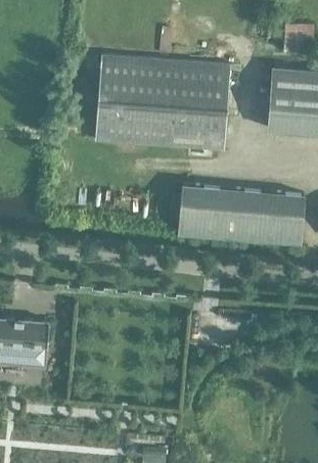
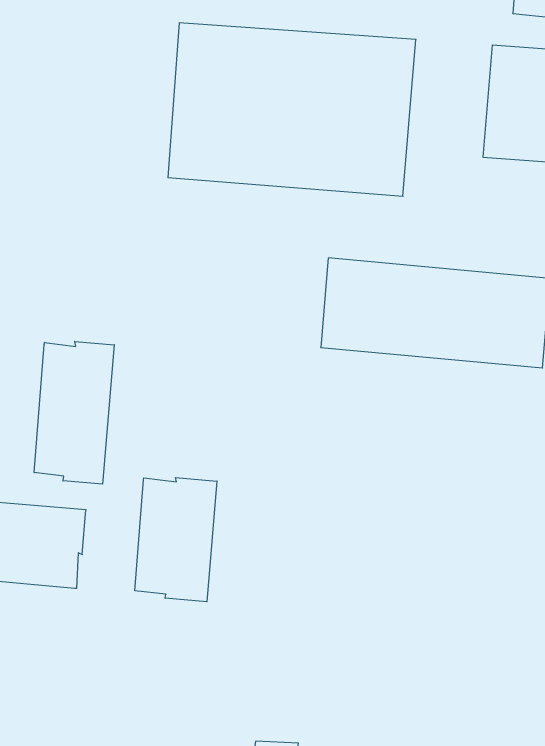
building: none -> [34,341,114,484]
building: none -> [135,478,217,602]

